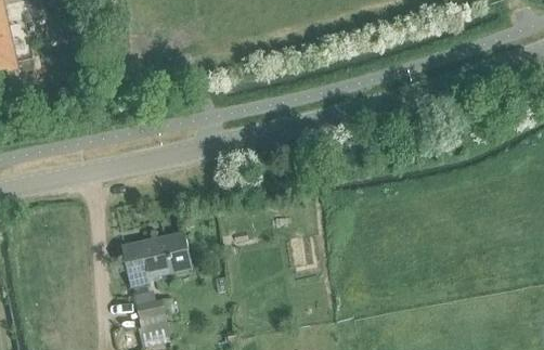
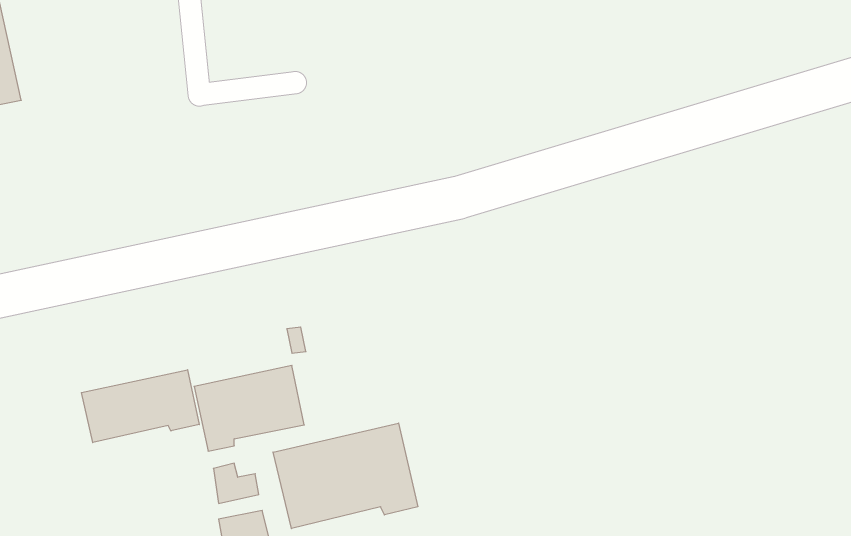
building: none -> [81,370,199,443]
building: none -> [273,423,418,529]

